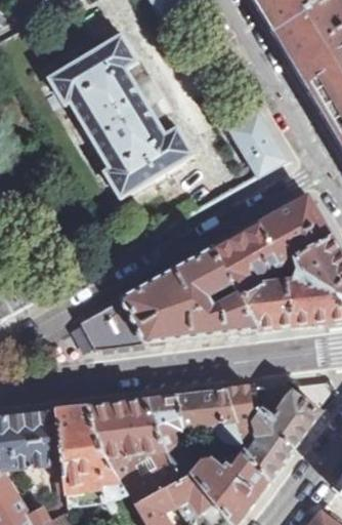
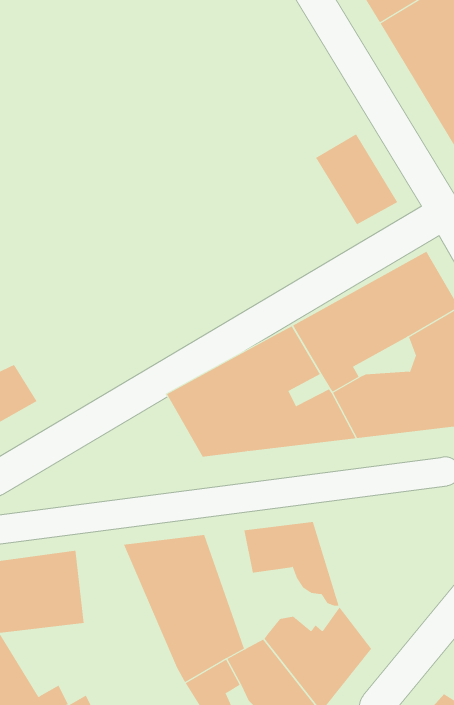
building: [49,32,193,196] -> none
building: [79,296,146,348] -> none
building: [226,381,319,479] -> none
building: [148,394,193,479] -> none
building: [56,404,128,507] -> none

